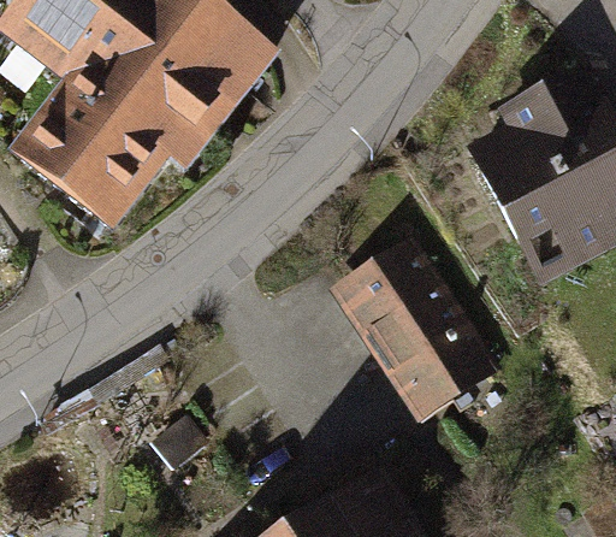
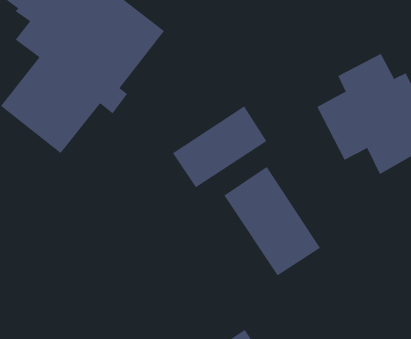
building: none -> [172,106,267,188]

